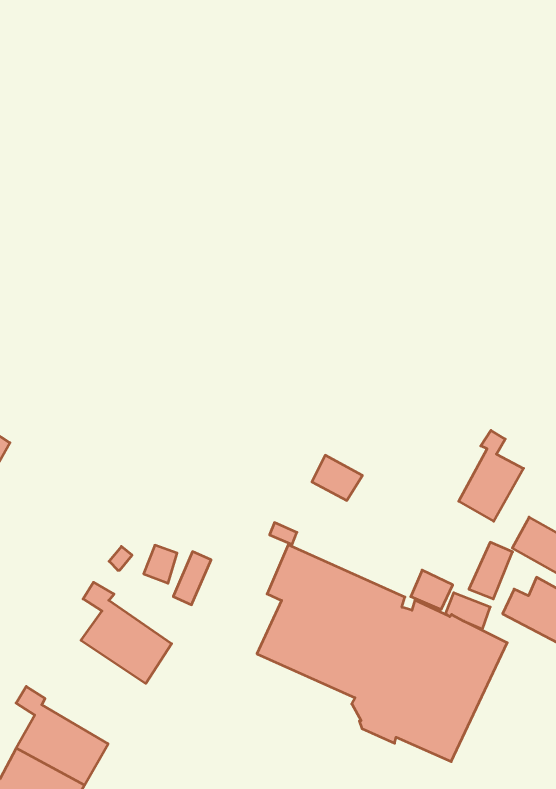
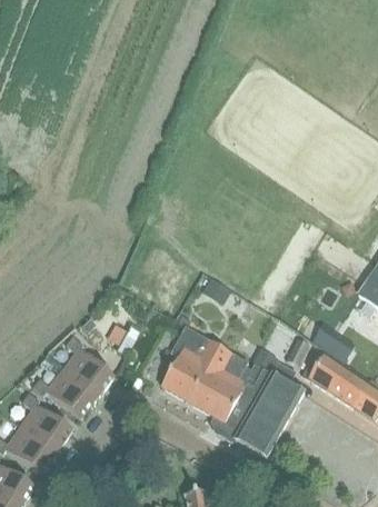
building: [459,430,524,521] -> none
building: none -> [32,369,97,418]

